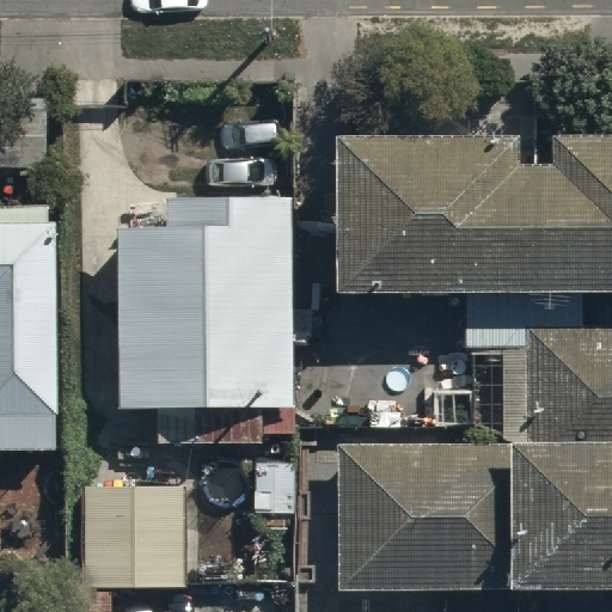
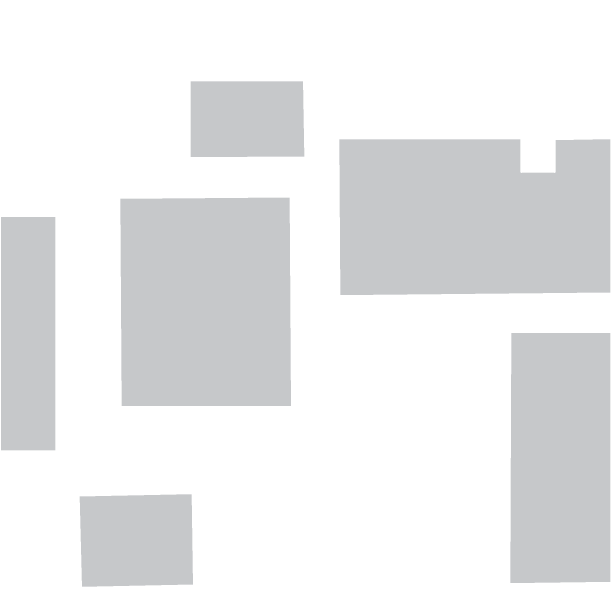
building: none -> [190,80,305,158]
building: [342,442,509,583] -> none

